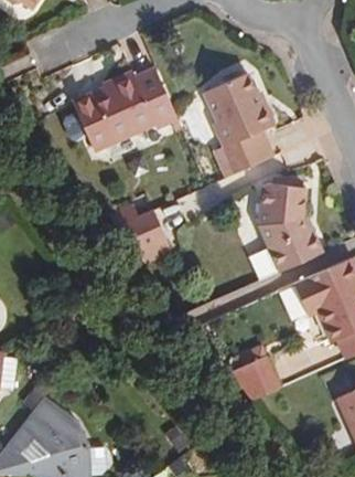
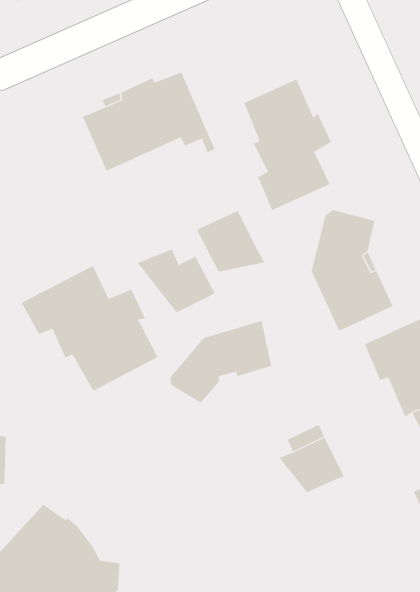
building: none -> [196,210,265,272]
building: none -> [21,265,158,391]
building: none -> [170,320,272,403]

